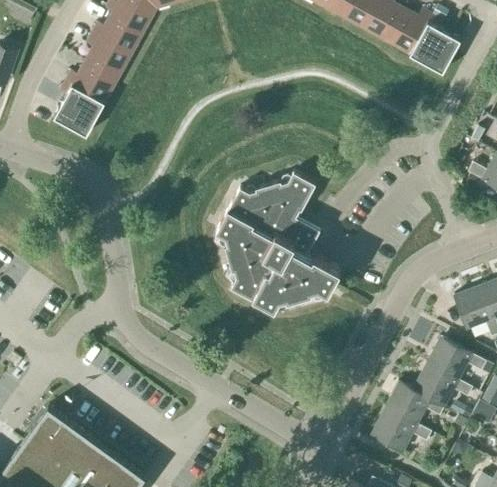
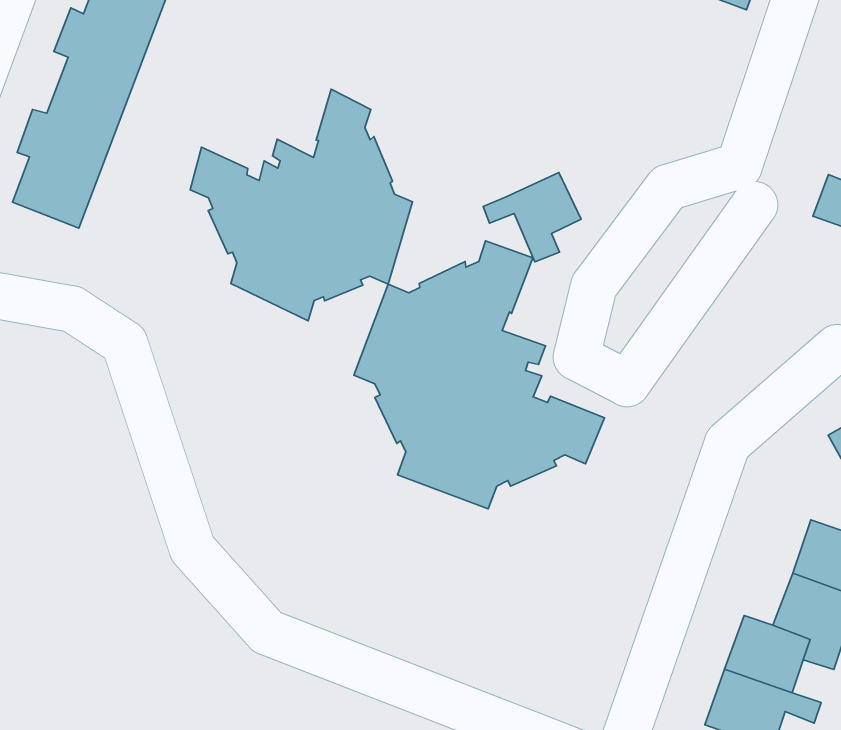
building: none -> [190,89,413,321]
building: none -> [483,173,581,262]

